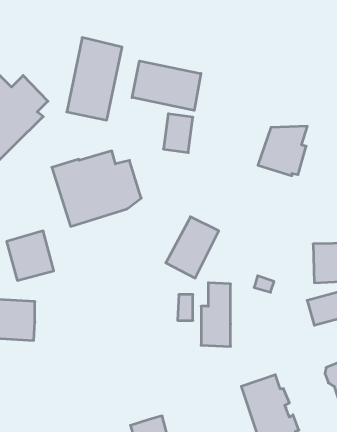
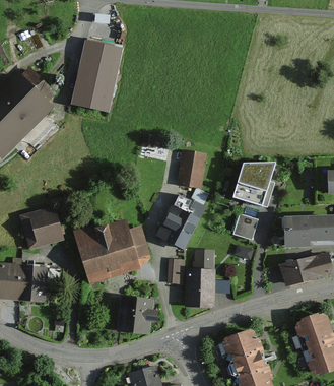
building: [132,61,201,110] -> none
building: [163,114,193,153] -> [178,151,203,185]
building: [258,126,307,176] -> [232,165,275,207]
building: [52,151,141,226] -> [73,217,150,282]
building: none -> [232,213,257,239]
building: none -> [118,298,157,335]

